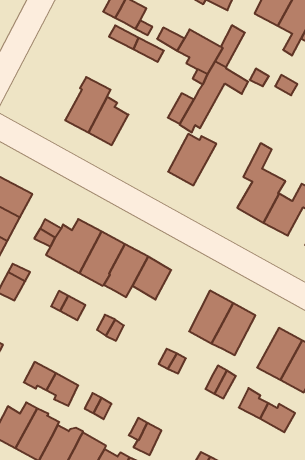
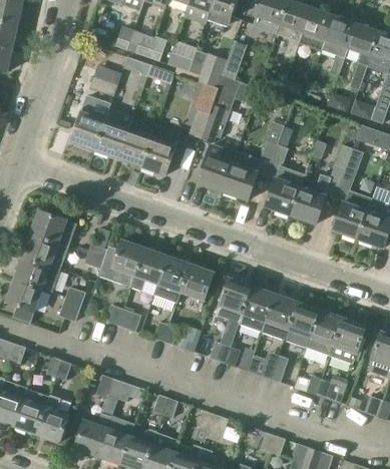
building: none -> [89,64,121,95]
building: none -> [70,107,106,150]
building: none -> [141,125,187,175]
building: none -> [222,121,284,199]
building: none -> [215,277,252,325]
building: none -> [284,301,320,348]

